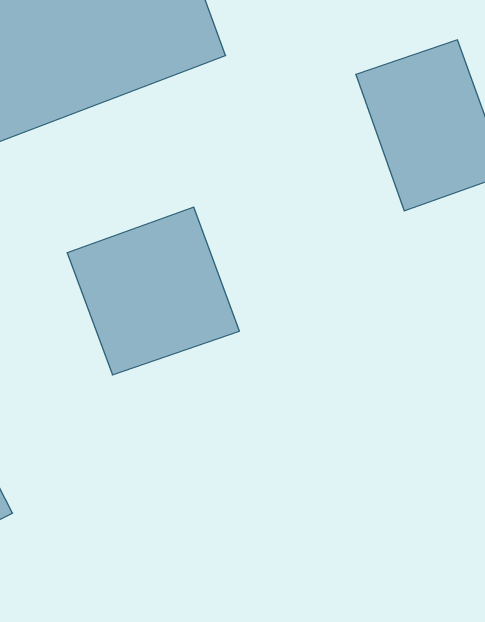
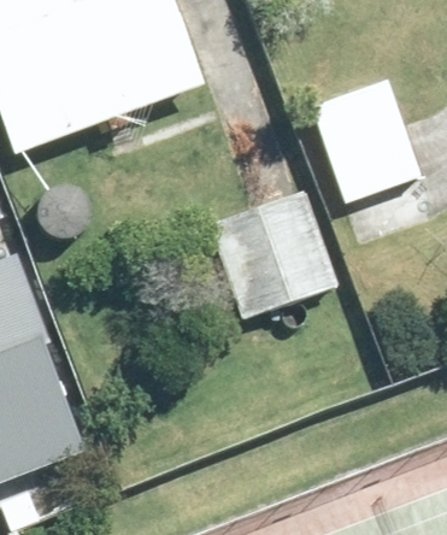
building: [67,207,239,375] -> [206,188,339,317]

